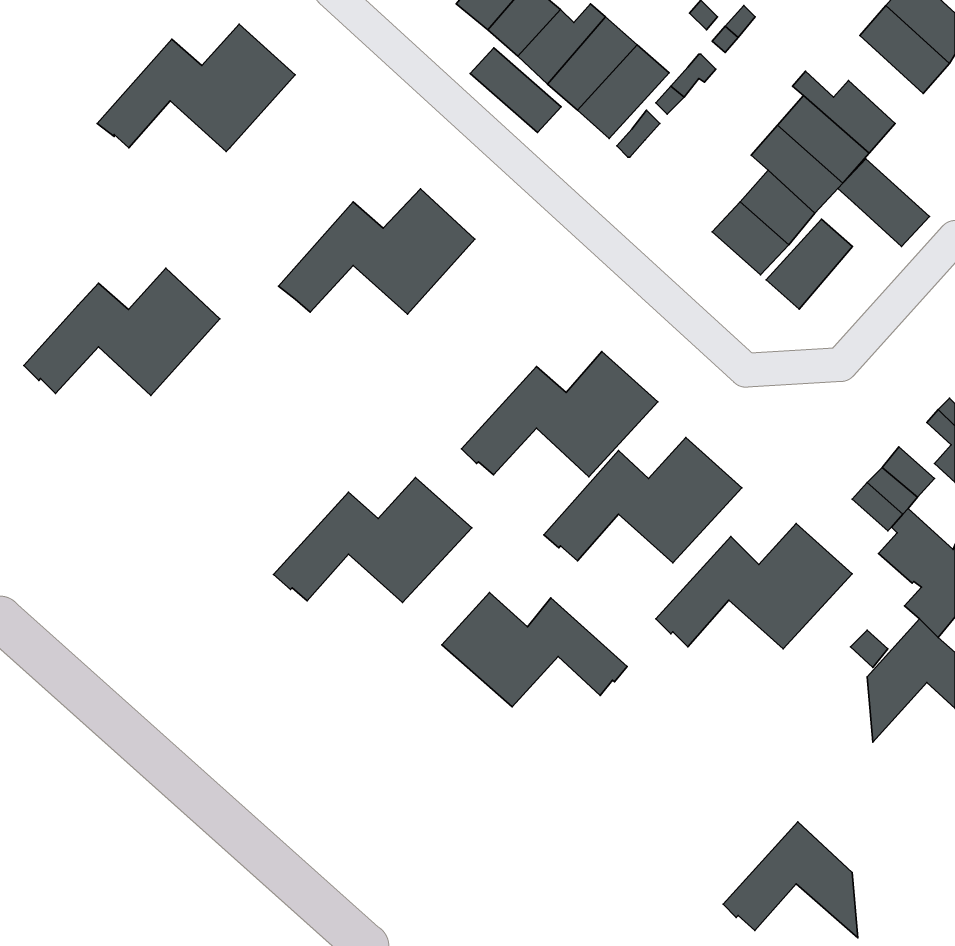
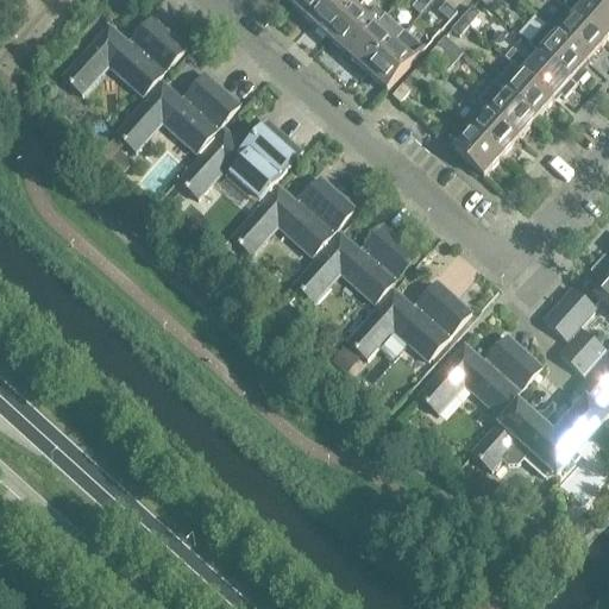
building: [470,48,561,133] -> none
building: [838,159,929,247] -> [529,23,588,79]
building: [766,219,852,309] -> none
building: [24,268,220,395] -> [115,73,240,153]
building: [274,477,472,603] -> [231,175,357,255]
building: [442,592,627,707] -> none
building: [723,822,858,938] -> [470,398,555,472]

